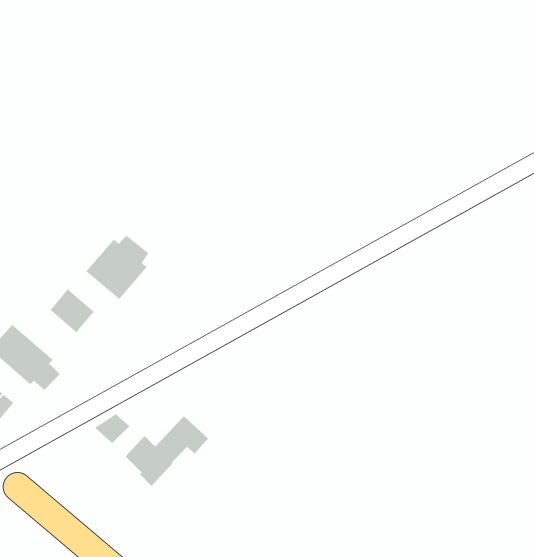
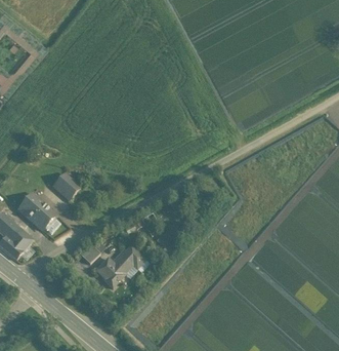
building: [85,235,149,300] -> none

